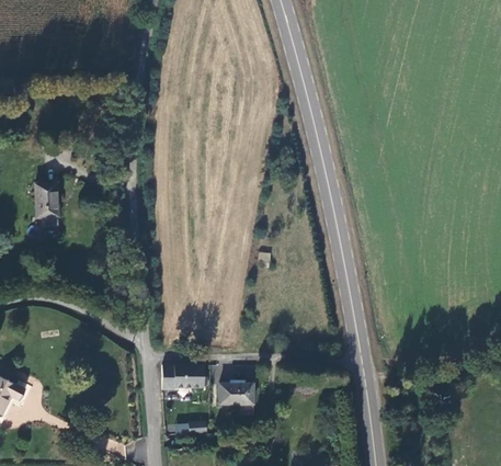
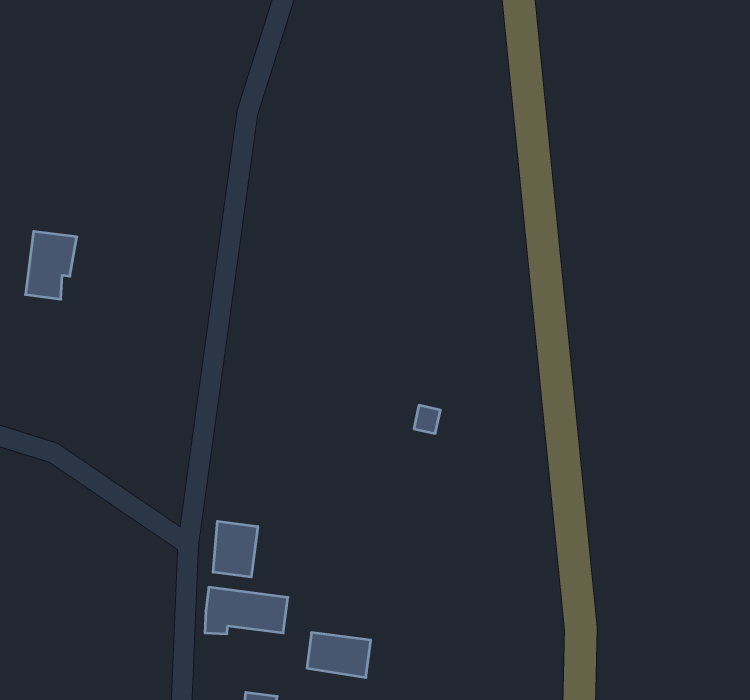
building: none -> [213,521,258,577]

